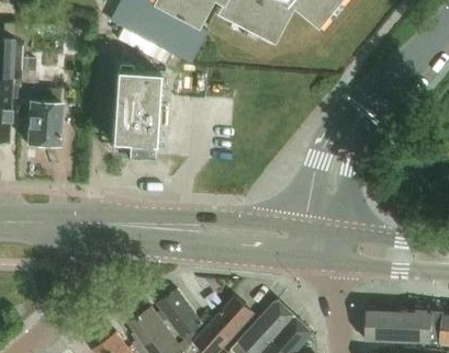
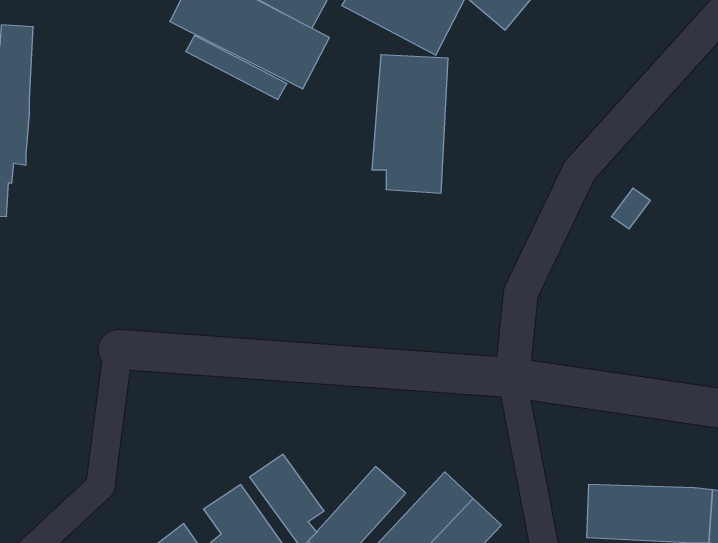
building: [20,69,64,148] -> none
building: [111,69,158,155] -> [372,55,448,193]

